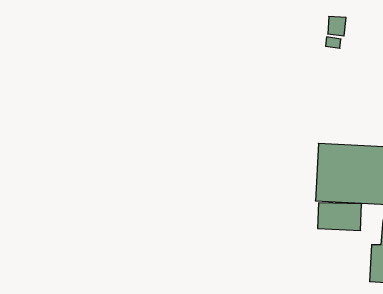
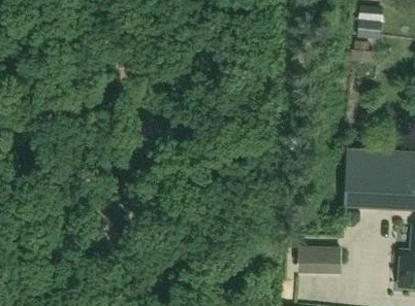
building: [318,203,362,230] -> [297,247,342,275]

